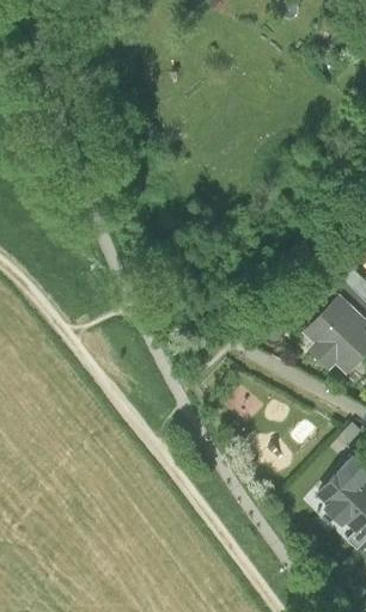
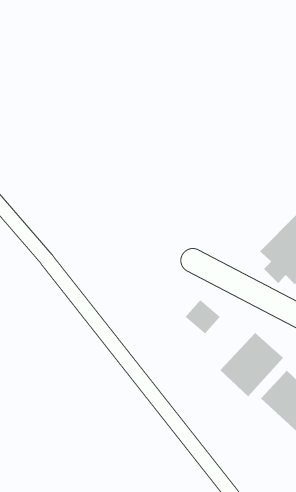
building: none -> [219,332,284,397]

